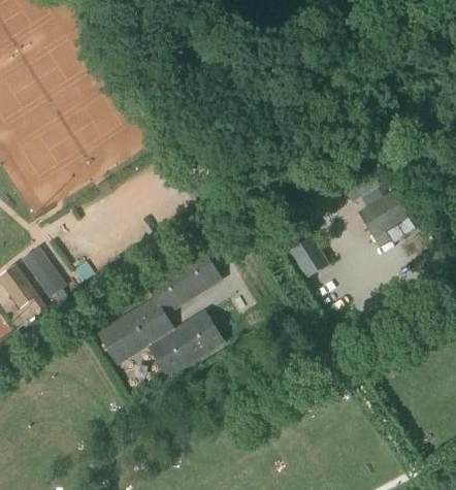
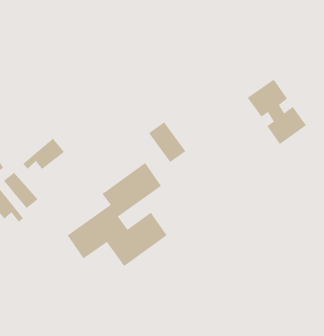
building: none -> [23,138,65,170]
building: [283,225,329,277] -> [148,122,186,163]

